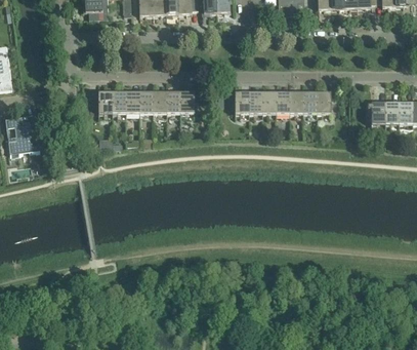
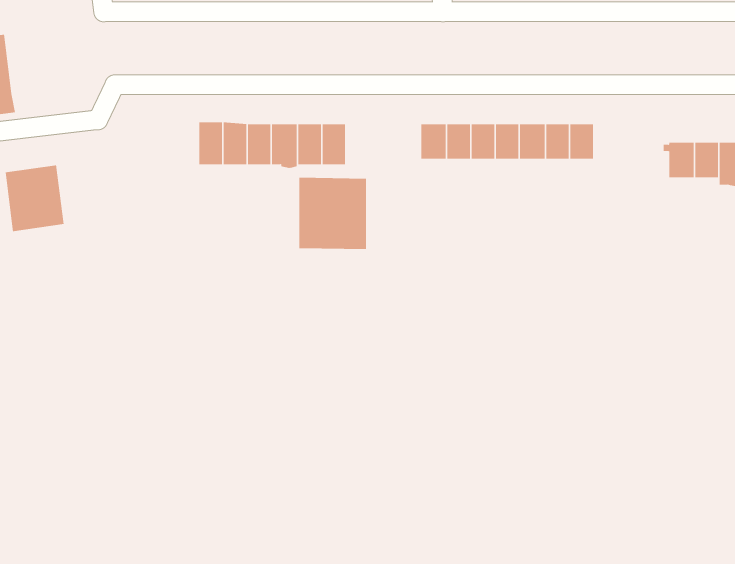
building: [90,93,113,117] -> none
building: none -> [299,177,366,250]

